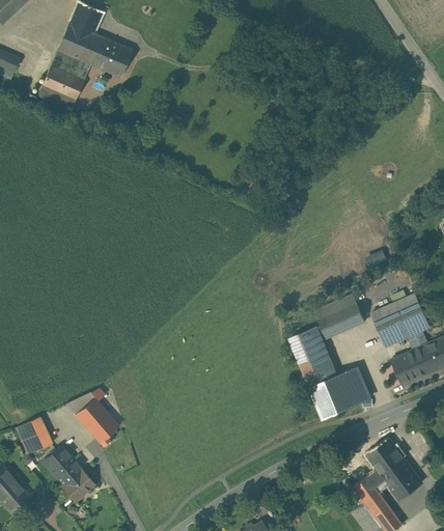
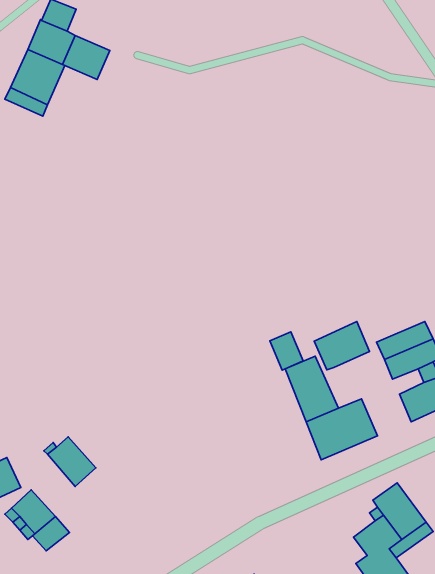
building: none -> [270,332,303,370]

